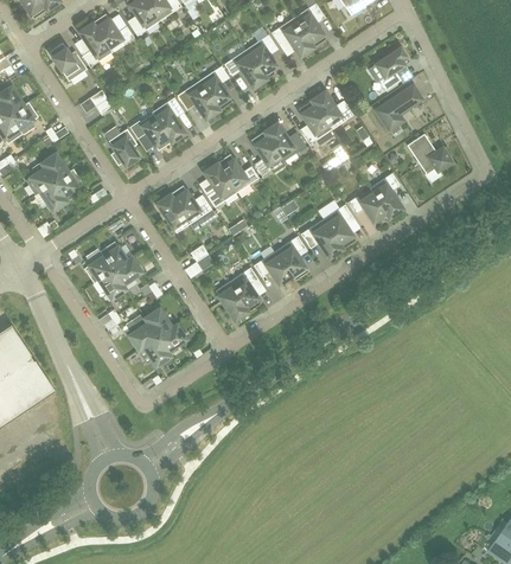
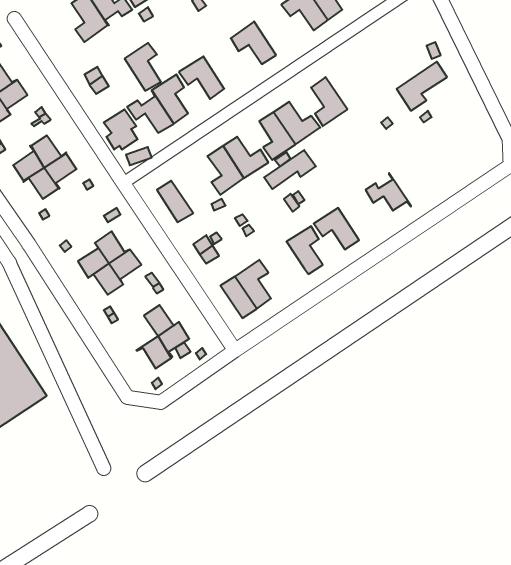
building: [245,33,276,78] -> none
building: [49,41,87,81] -> none
building: [375,46,409,89] -> none
building: [199,65,232,109] -> [125,43,161,91]
building: [311,90,353,128] -> none
building: [407,133,451,180] -> none
building: none -> [264,150,316,189]
building: [369,172,403,216] -> none
building: [170,184,211,223] -> none
building: [322,203,356,248] -> none
building: [253,249,292,283] -> none
building: [128,313,158,348] -> none

